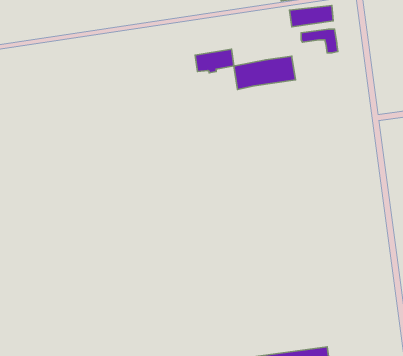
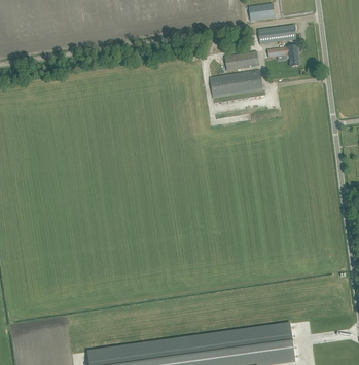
building: [195,49,234,73] -> [224,50,258,71]

